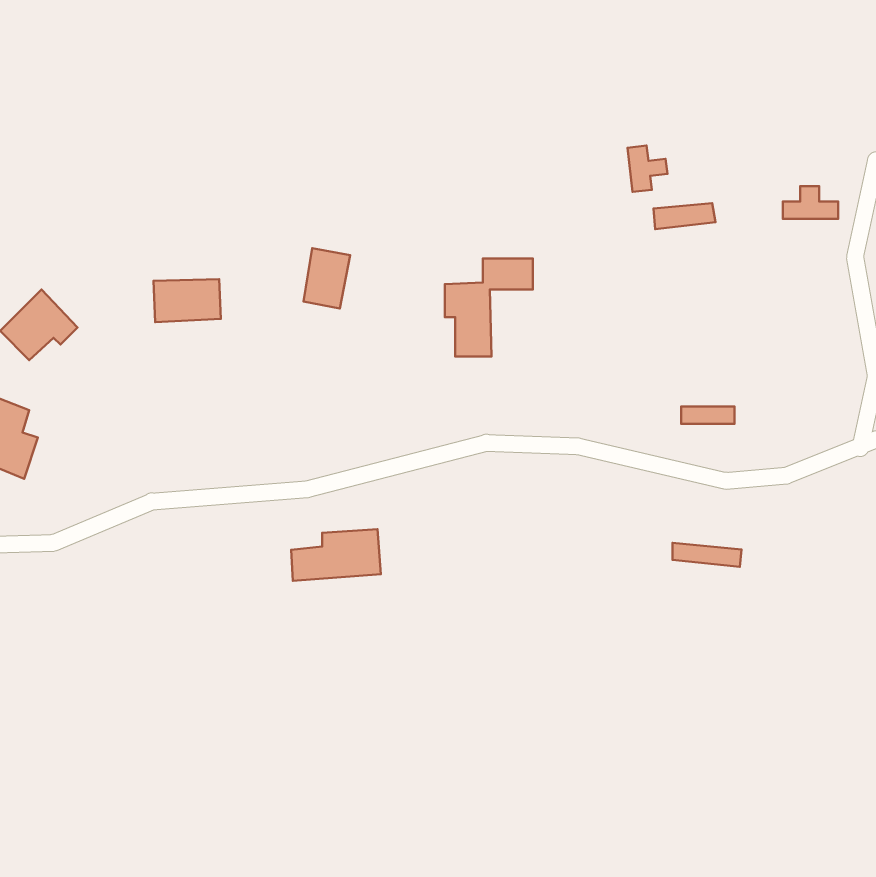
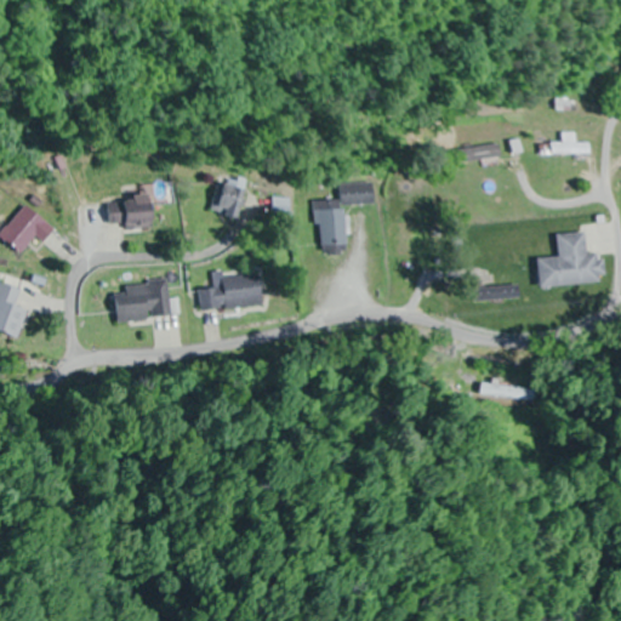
building: [627,146,667,192] -> none
building: none -> [536,232,599,286]
building: none -> [114,281,170,321]
building: [291,529,381,581] -> [198,274,261,310]

